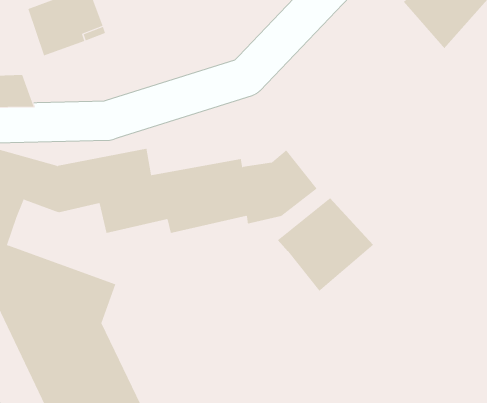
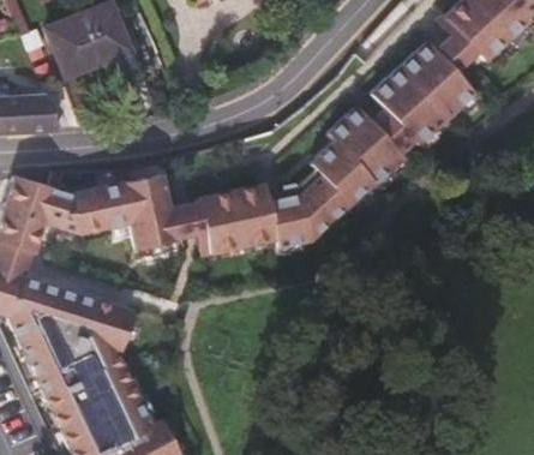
building: none -> [368,42,468,148]
building: [277,198,374,294] -> [306,116,407,217]

